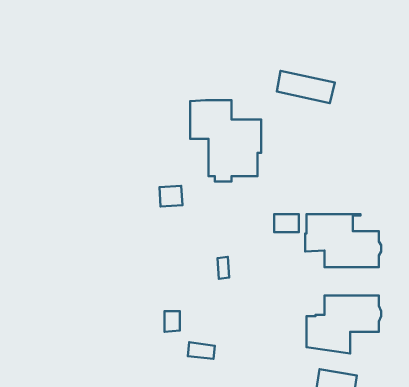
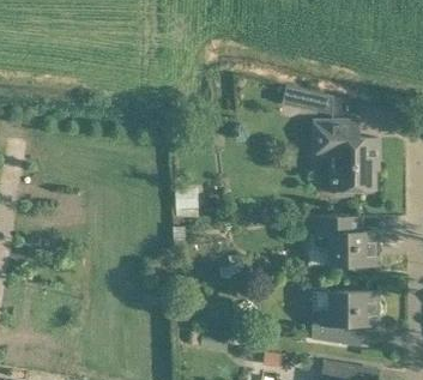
building: [190,100,261,181] -> [313,120,379,195]

